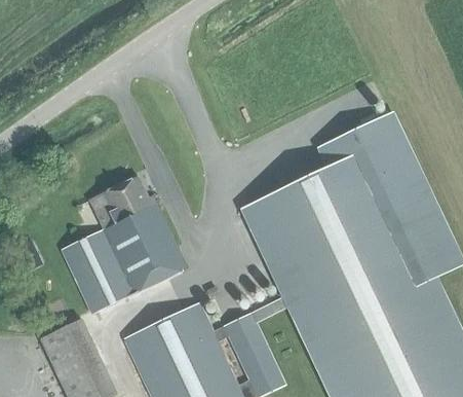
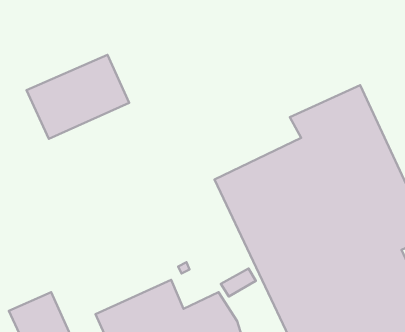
building: none -> [26,55,129,139]
building: [63,178,188,313] -> none

